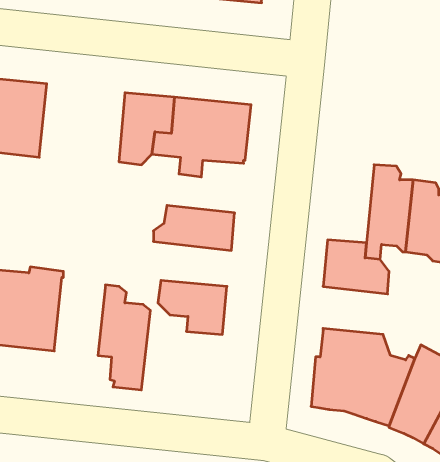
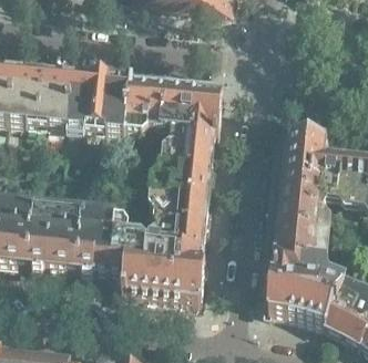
building: none -> [67,70,130,129]
building: none -> [279,118,314,187]
building: none -> [161,126,217,165]
building: none -> [149,186,208,219]
building: none -> [78,209,116,270]
building: none -> [273,219,324,255]
building: none -> [142,231,205,301]

